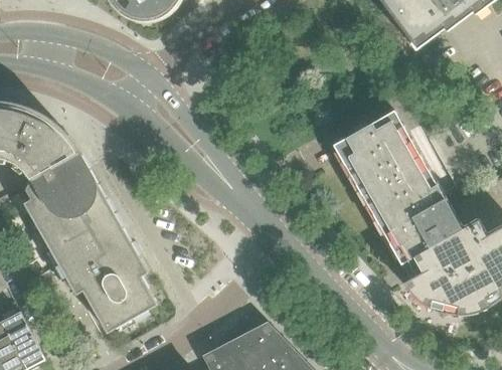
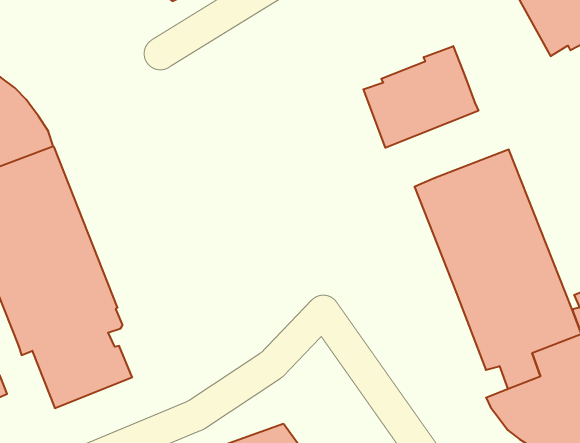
building: none -> [363,46,478,148]

